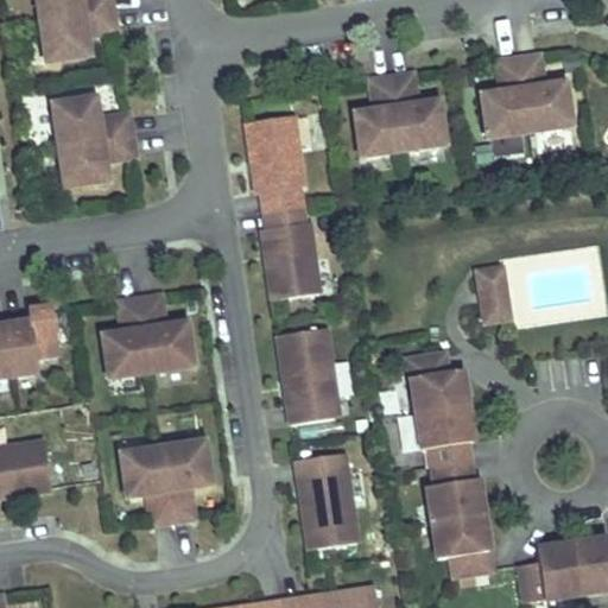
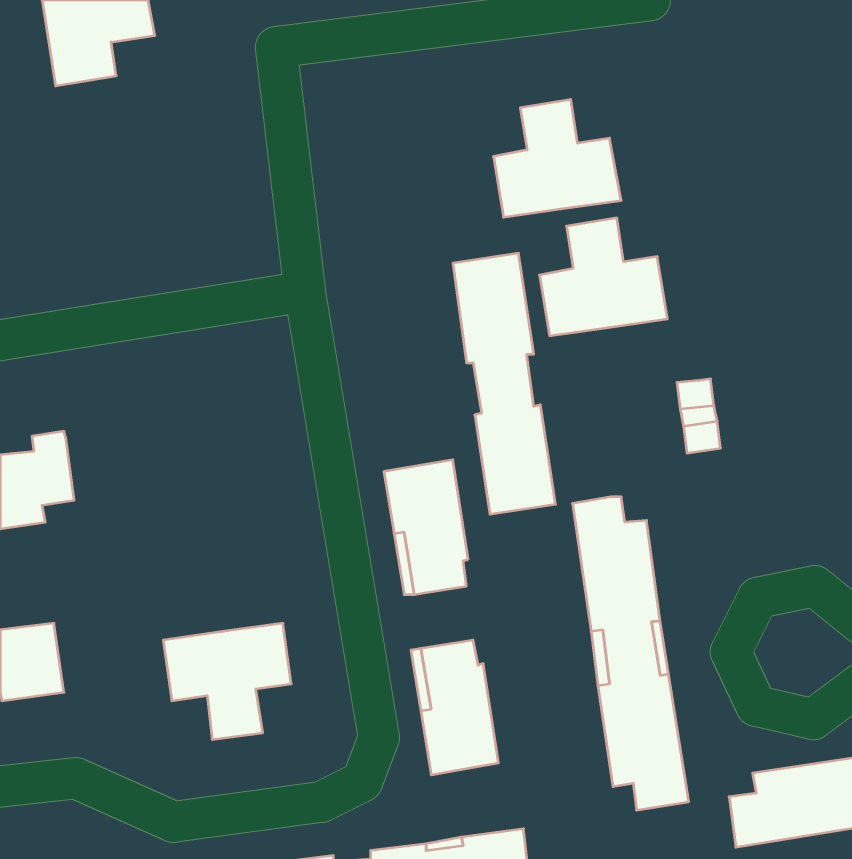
building: [480,52,570,135] -> [539,218,667,336]
building: [51,96,134,186] -> none
building: [246,114,318,298] -> [453,253,556,514]
building: [102,294,192,376] -> none

